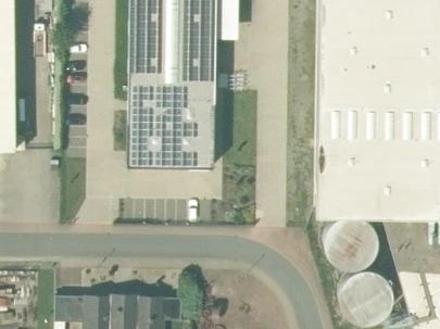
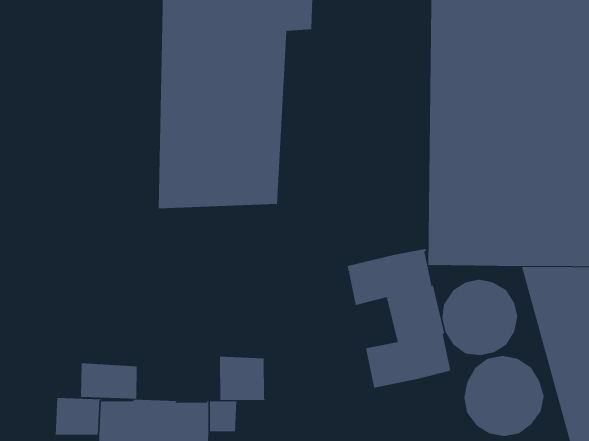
building: none -> [347,248,451,388]
building: none -> [220,356,266,401]
building: none -> [80,363,139,399]

